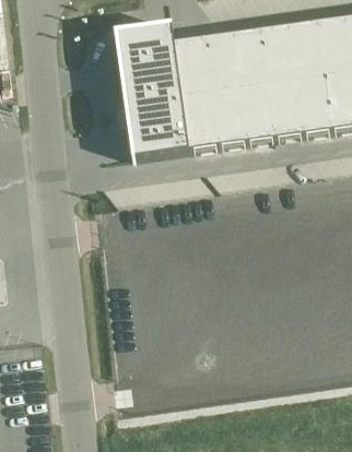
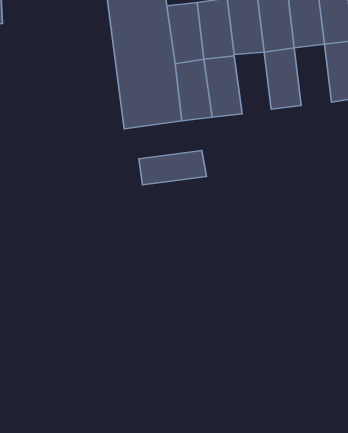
building: [291,75,326,133] -> none
building: [234,83,269,141] -> none
building: none -> [139,151,207,185]

